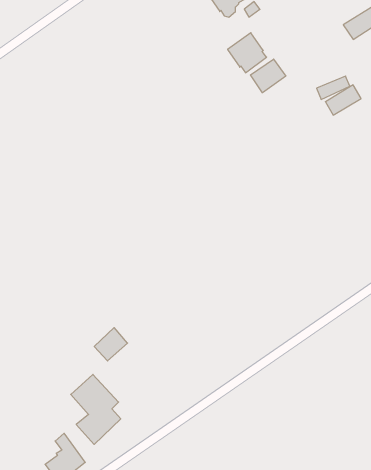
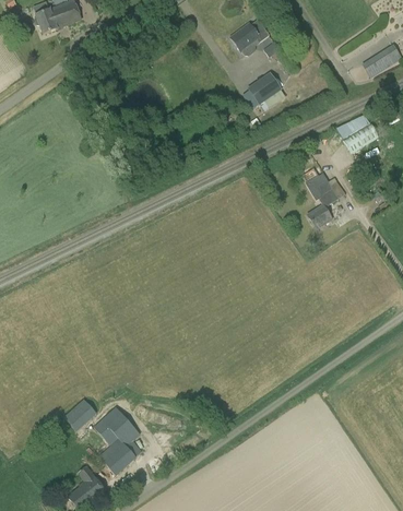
building: [250,59,286,93] -> none
building: none -> [305,173,337,227]
building: [94,328,128,361] -> [63,397,96,430]

